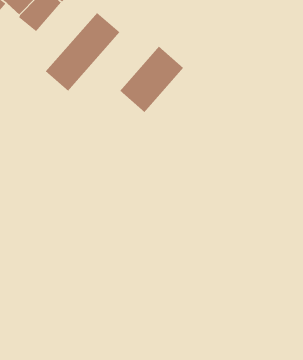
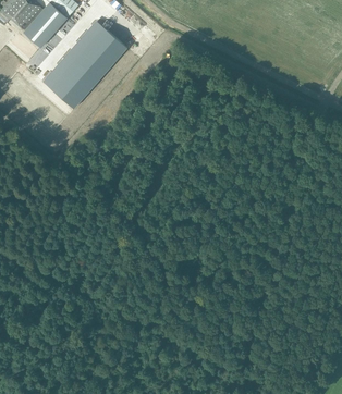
building: [119,45,184,113] -> none

